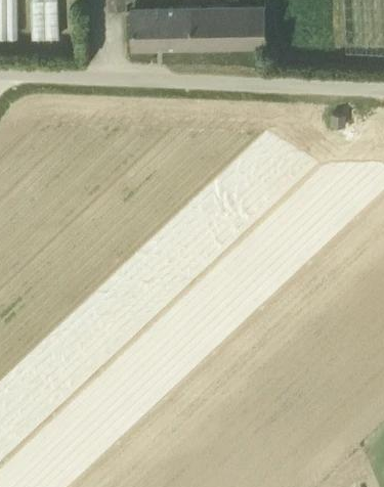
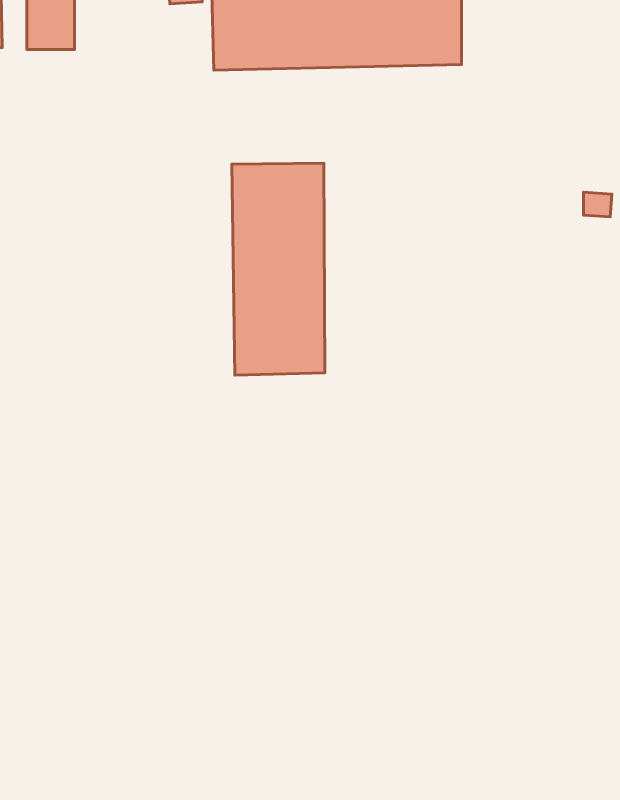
building: none -> [232,163,325,375]

